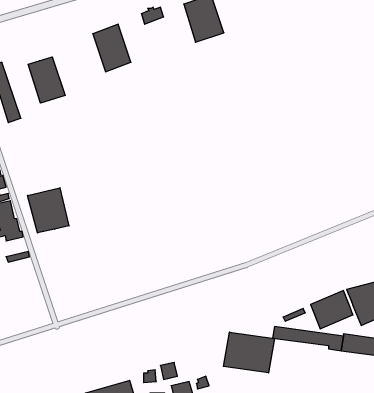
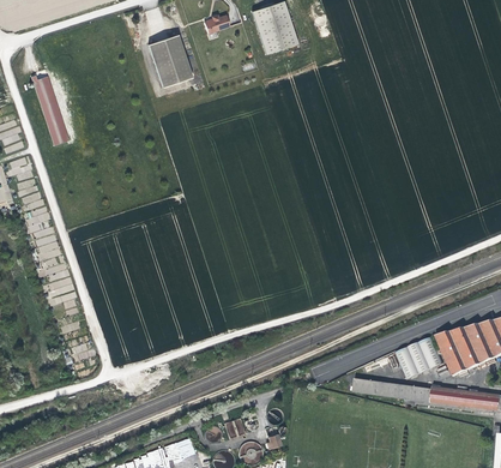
building: [28,57,65,103] -> none
building: [28,188,69,233] -> none
building: [223,332,275,373] -> none

